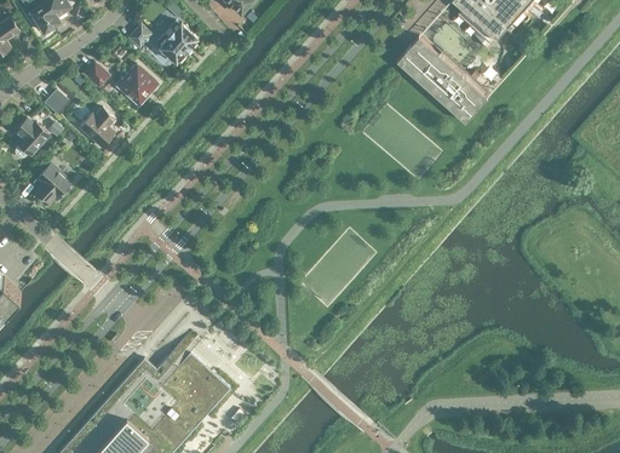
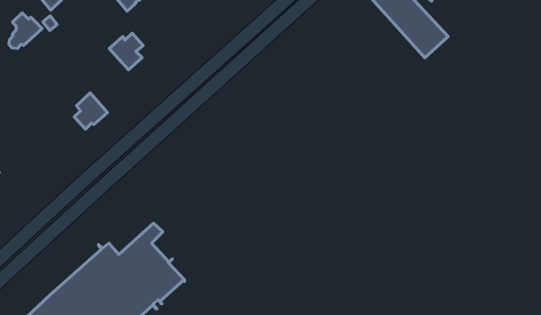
building: [79,108,115,148] -> [109,33,143,70]
building: [35,164,70,203] -> [74,93,107,129]

